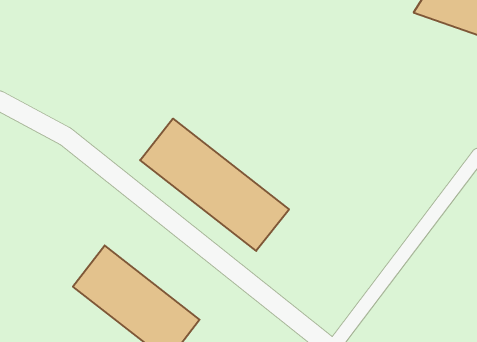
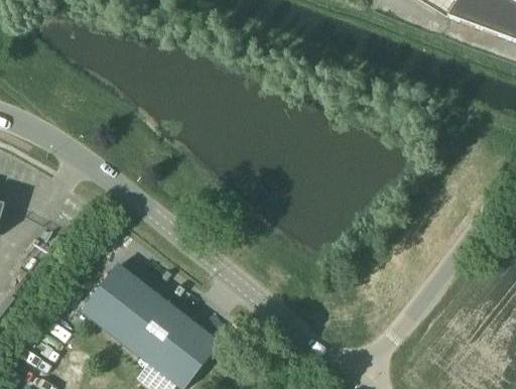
building: [140,119,289,251] -> none

